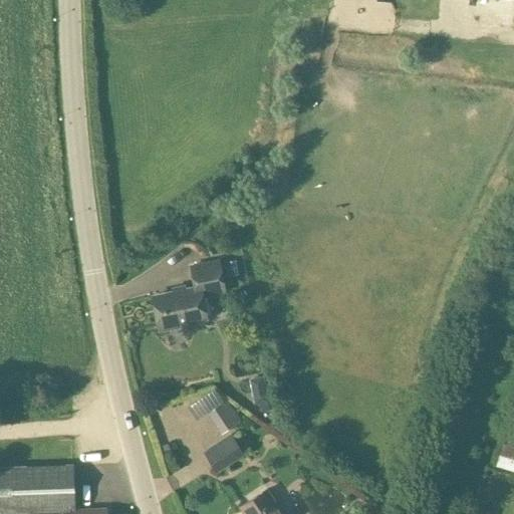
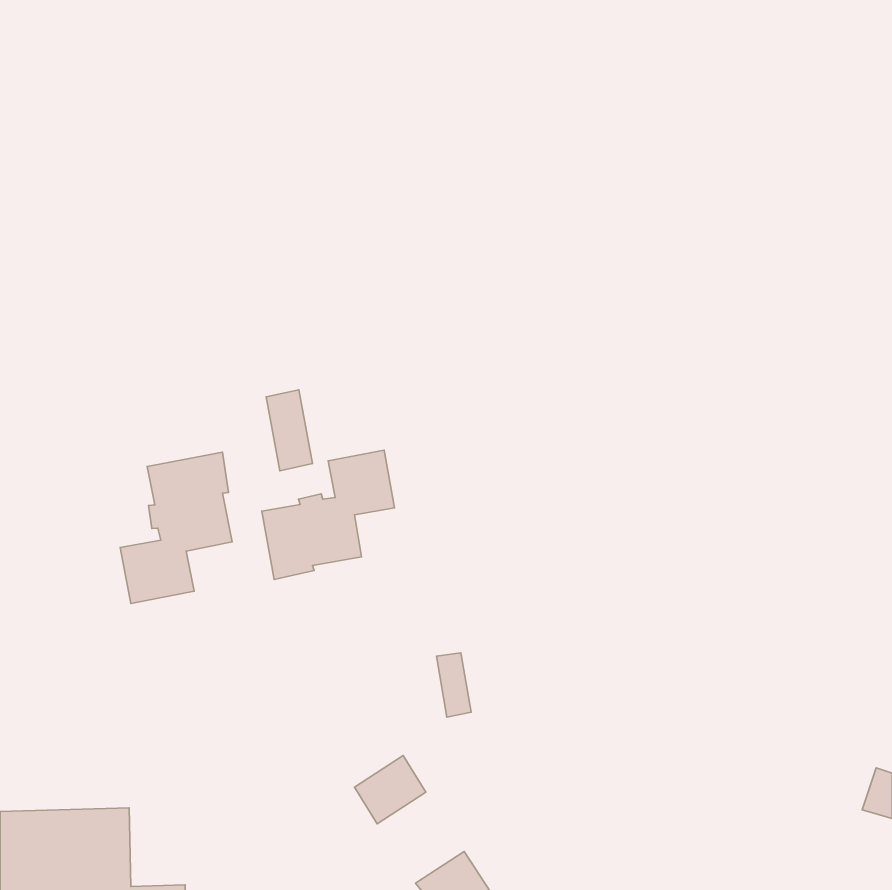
building: none -> [266,390,313,471]
building: none -> [120,452,232,603]
building: [189,386,242,435] -> none

